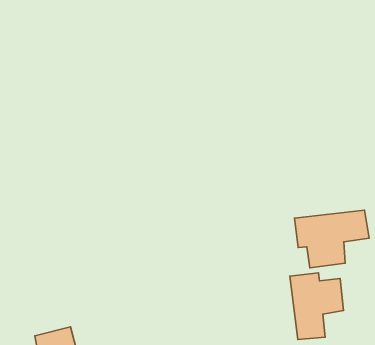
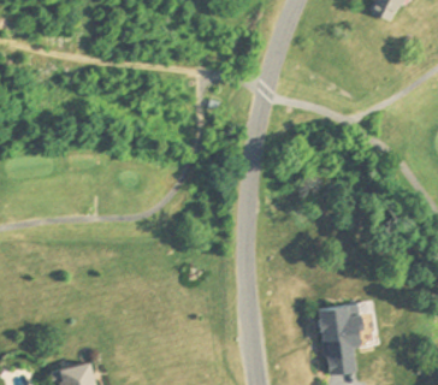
building: [295,210,369,268] -> none

